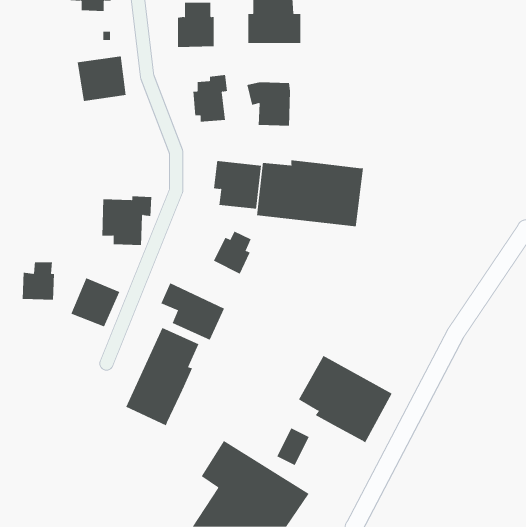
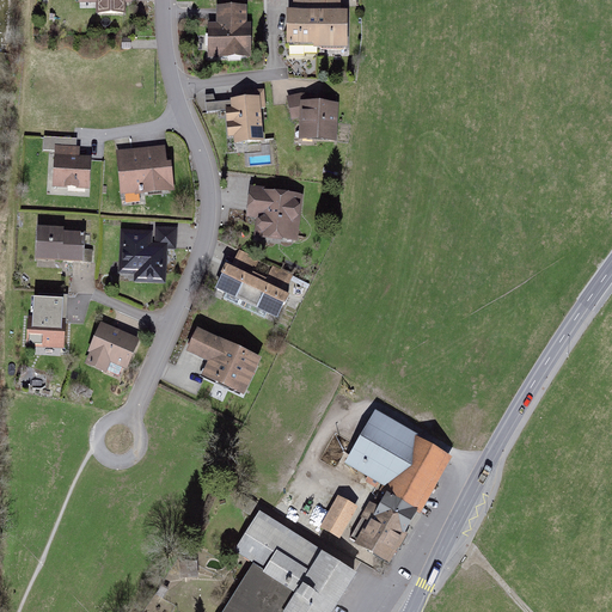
building: [77,56,127,101] -> [115,143,172,196]
building: none -> [50,143,90,186]
building: [257,159,364,227] -> none
building: none -> [35,226,82,261]
building: none -> [214,250,259,301]
building: [125,327,199,426] -> none
building: none -> [347,491,418,562]

